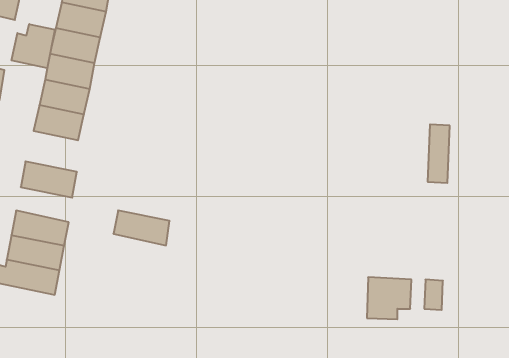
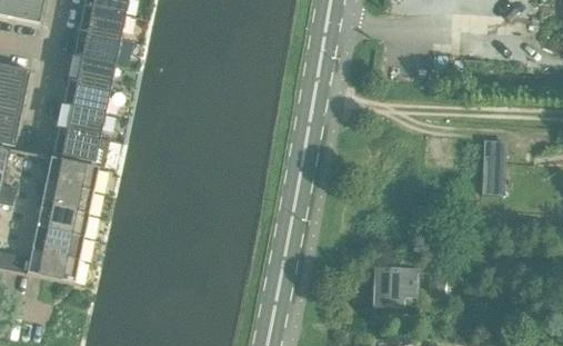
building: [12,24,55,68] -> none
building: [428,124,450,183] -> [482,138,503,194]
building: none -> [52,128,99,162]
building: [113,210,170,245] -> [40,181,93,215]

